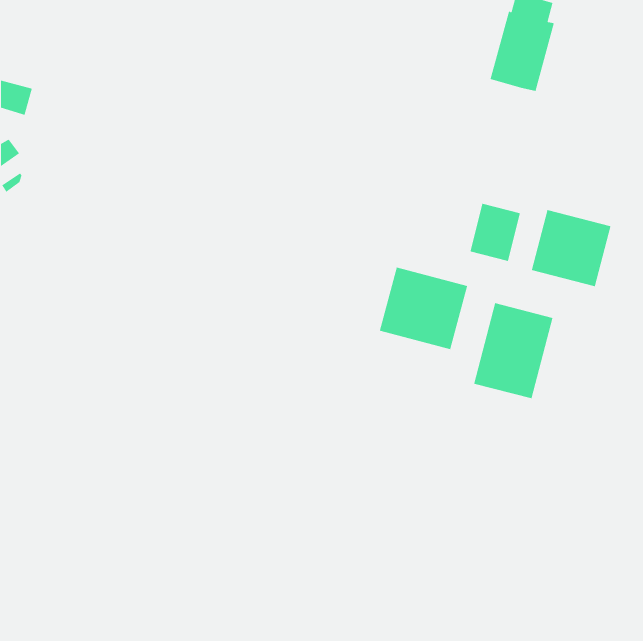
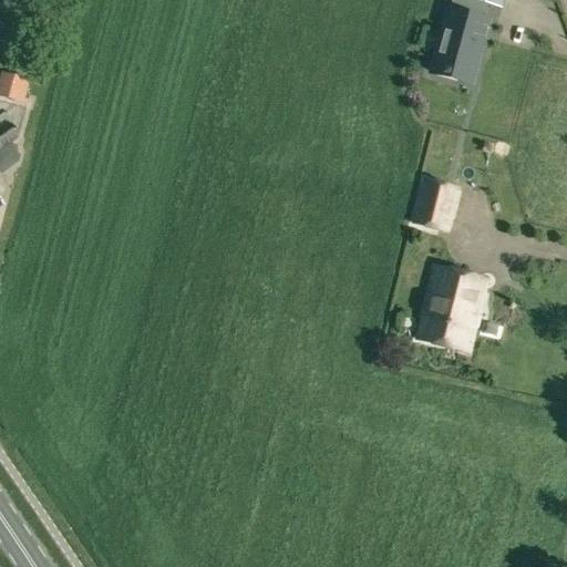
building: [531,209,612,287] -> none
building: [379,267,468,350] -> none

